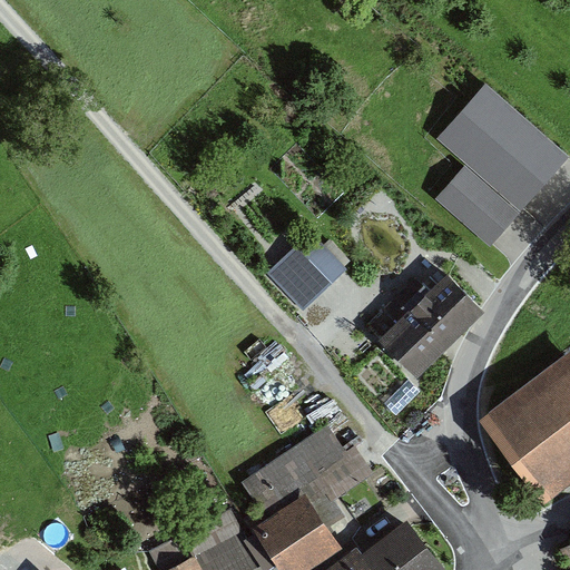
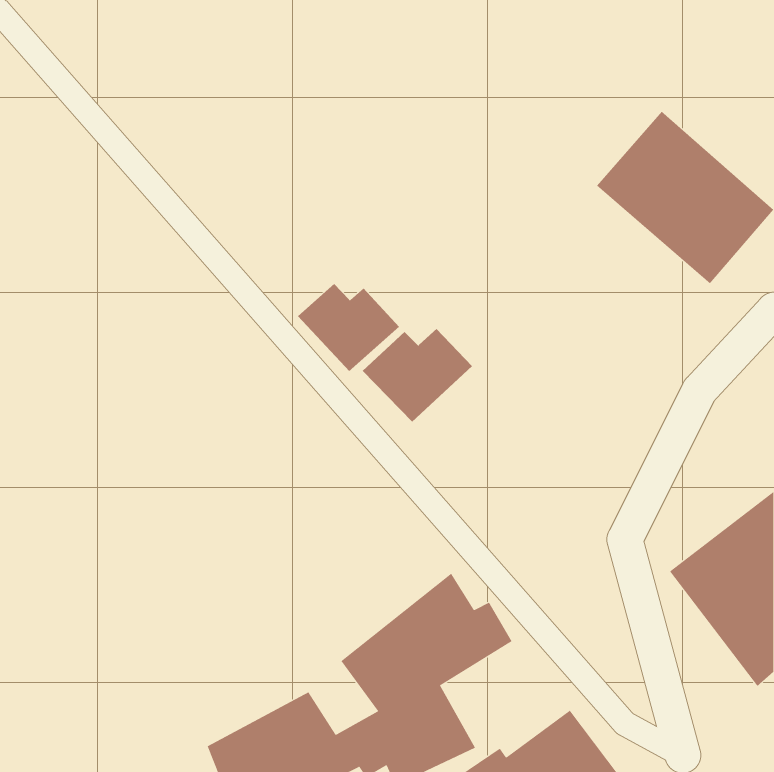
building: [434,166,519,247] -> none
building: none -> [297,283,400,372]
building: [363,272,476,372] -> none

